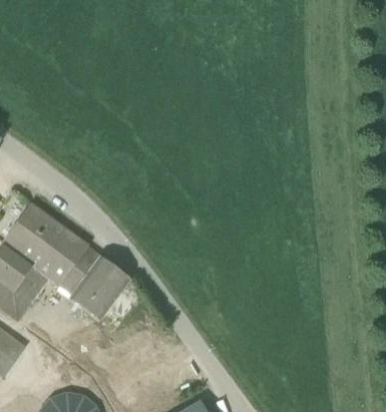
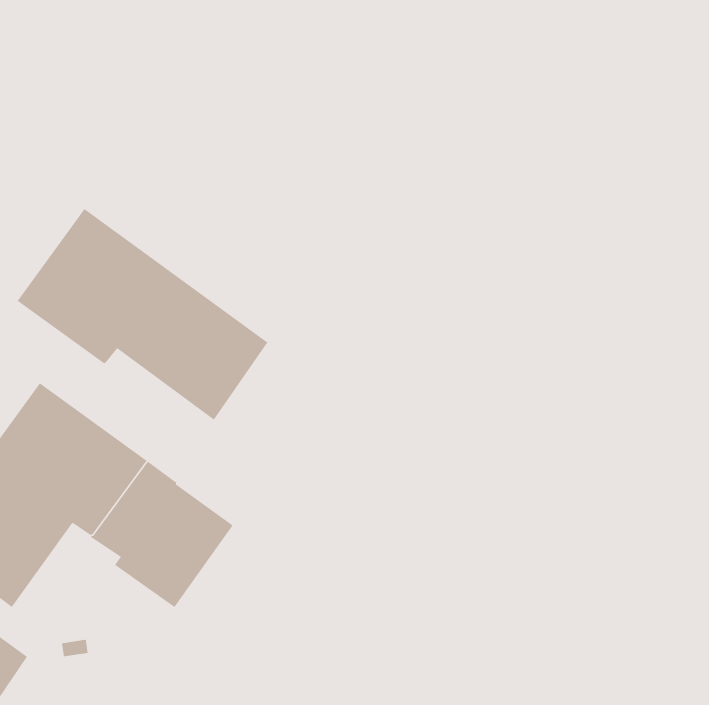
building: none -> [17,208,268,421]

